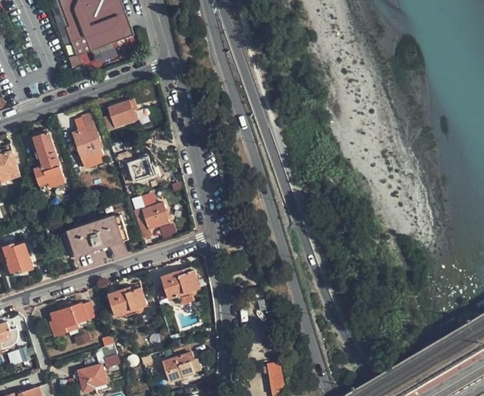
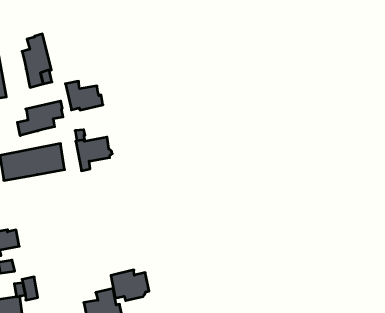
building: [103,99,137,130] -> none
building: none -> [17,101,63,136]
building: [161,269,199,299] -> [111,270,149,301]
building: [108,287,146,316] -> none

